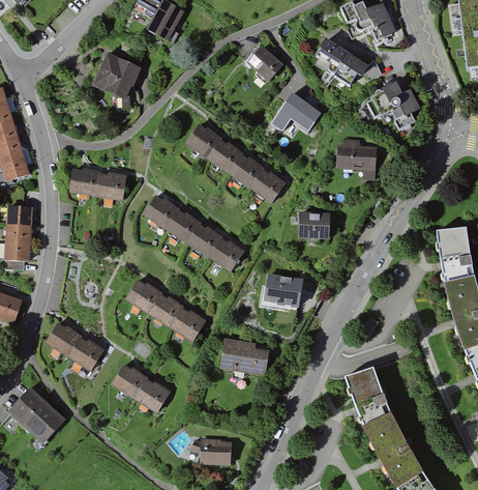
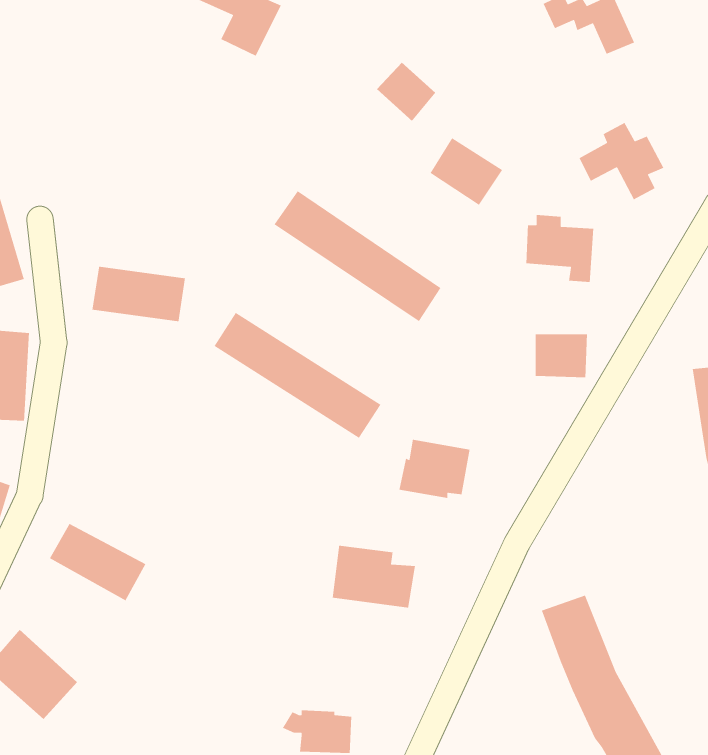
building: [313,37,380,85] -> none
building: [97,55,143,100] -> none
building: [296,209,328,236] -> [535,334,588,378]
building: [127,280,208,342] -> none
building: [114,365,172,412] -> none

